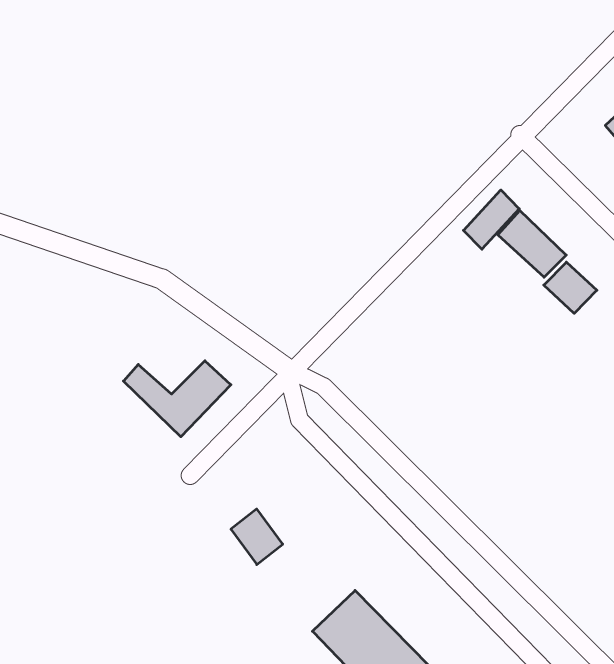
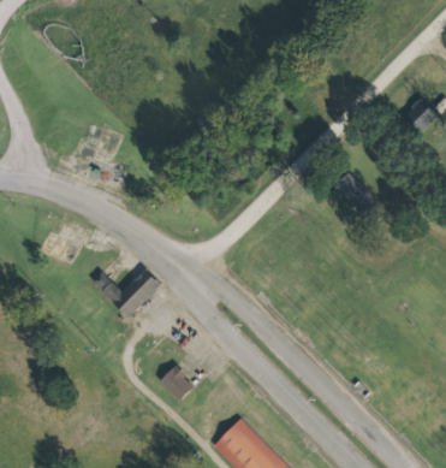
building: [463,190,519,249] -> none
building: [544,262,597,313] -> none

